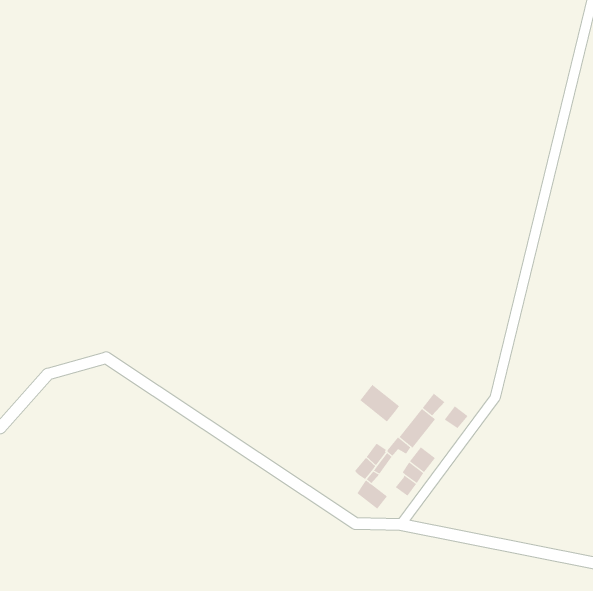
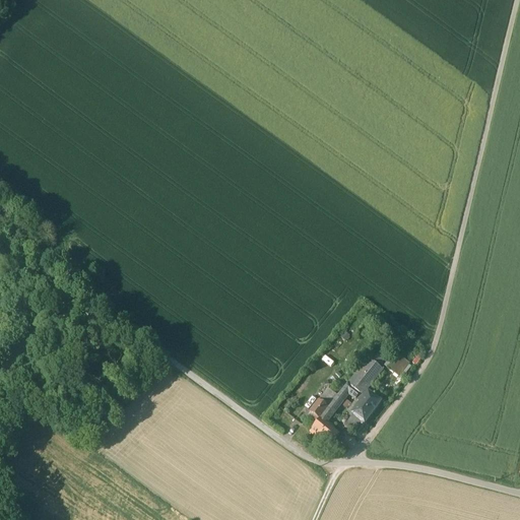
building: [359,384,400,423] -> none

